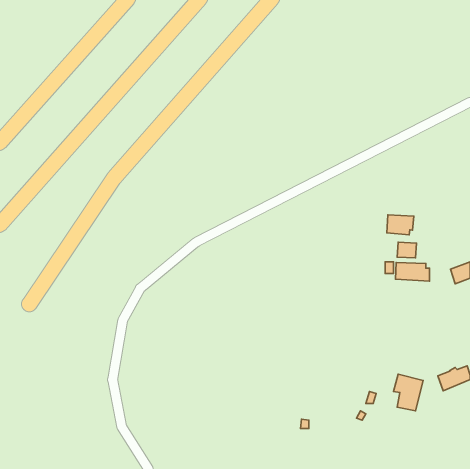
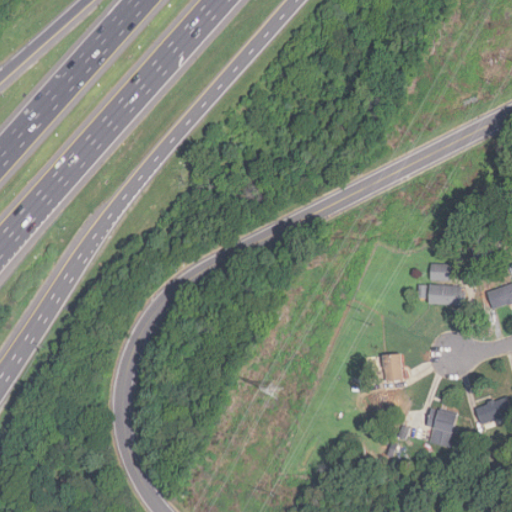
building: [387,215,414,235] -> none
building: none -> [384,354,403,381]

